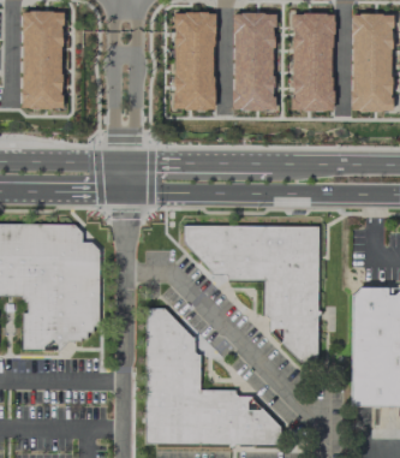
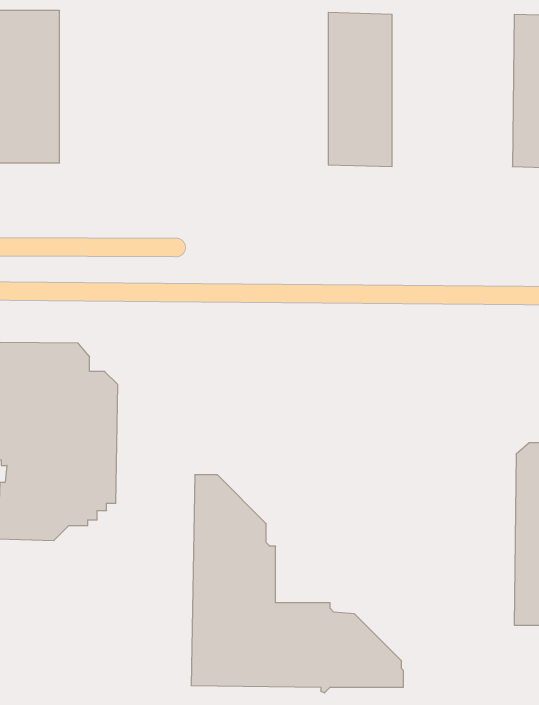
building: [174,12,215,109] -> none
building: [292,13,334,111] -> none
building: [185,226,318,361] -> none

